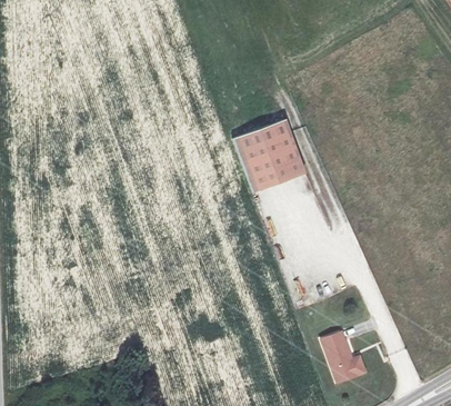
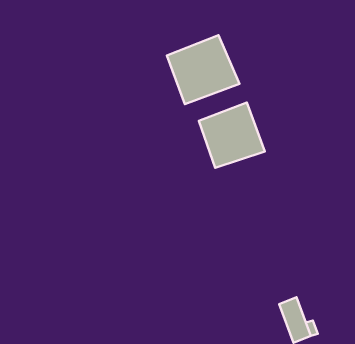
building: none -> [167,35,239,104]

